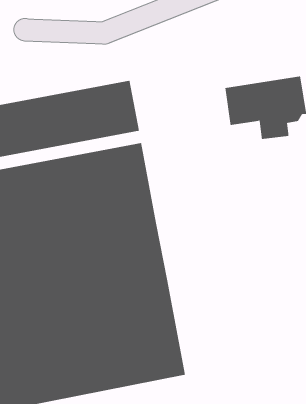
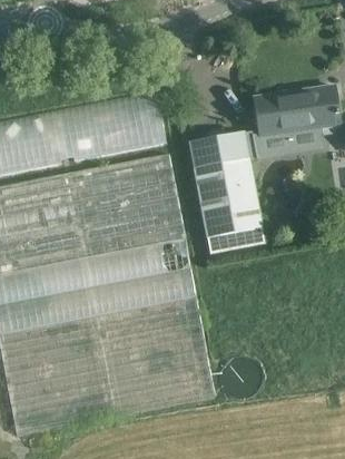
building: none -> [190,129,267,252]

